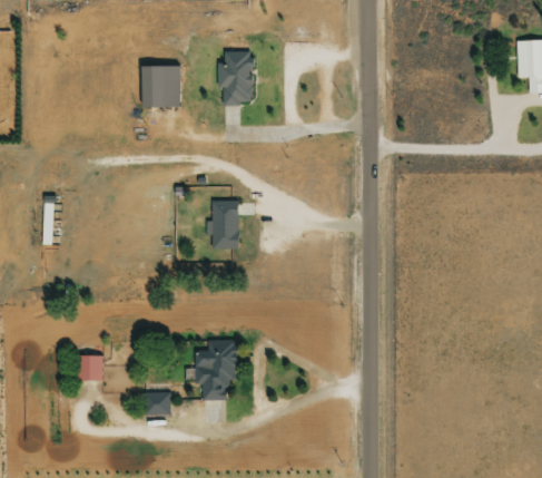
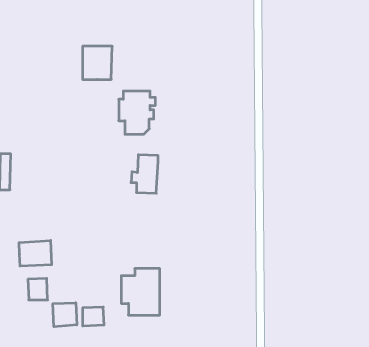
building: [214,50,259,104] -> [119,91,155,134]
building: none -> [19,240,52,266]
building: none -> [53,303,77,327]

